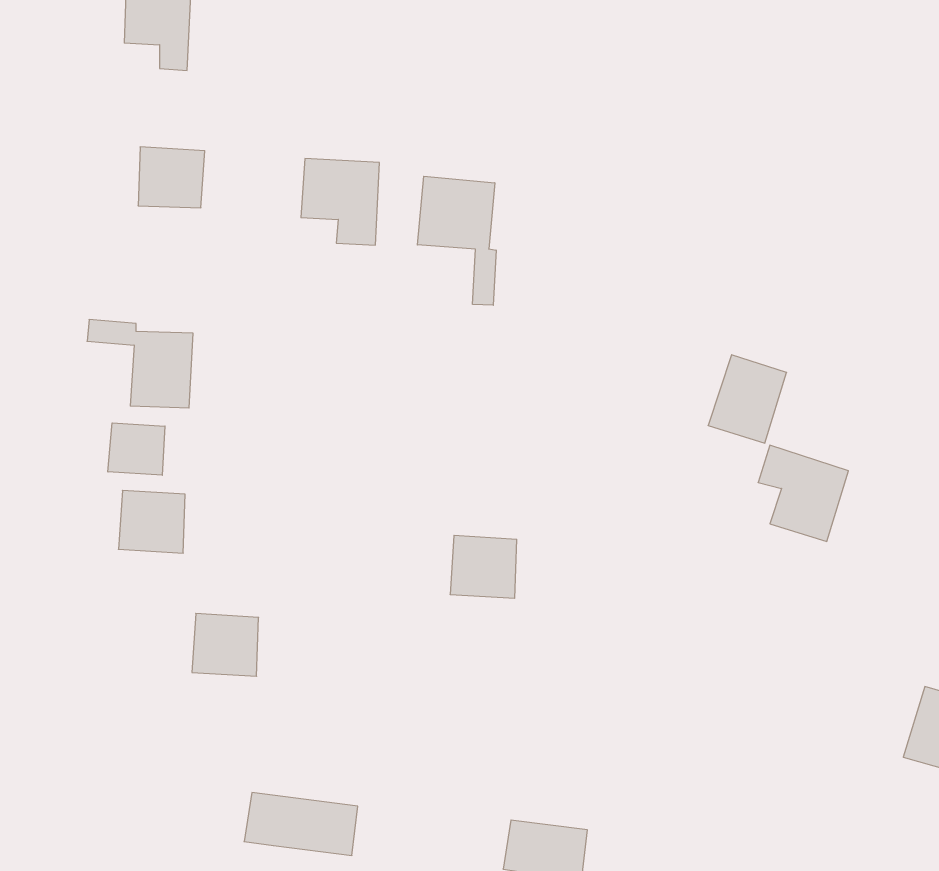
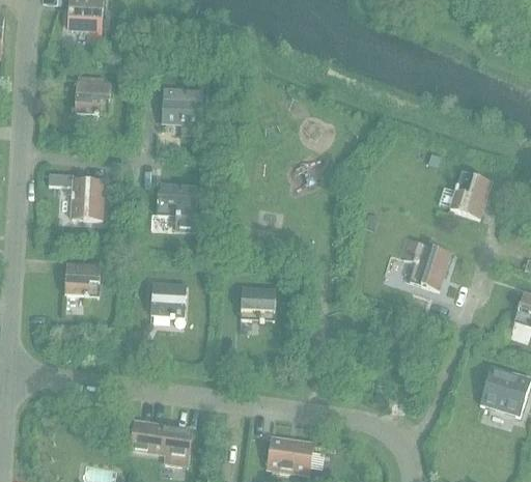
building: [417,176,496,305] -> none
building: none -> [156,182,197,228]
building: [708,355,787,443] -> [449,171,491,218]
building: [108,423,165,475] -> none
building: [192,613,259,676] -> [150,282,186,315]

